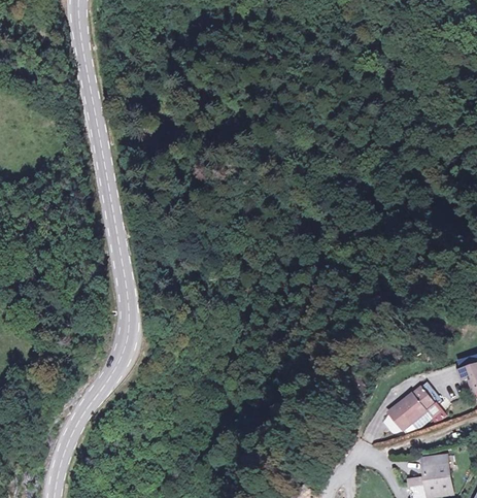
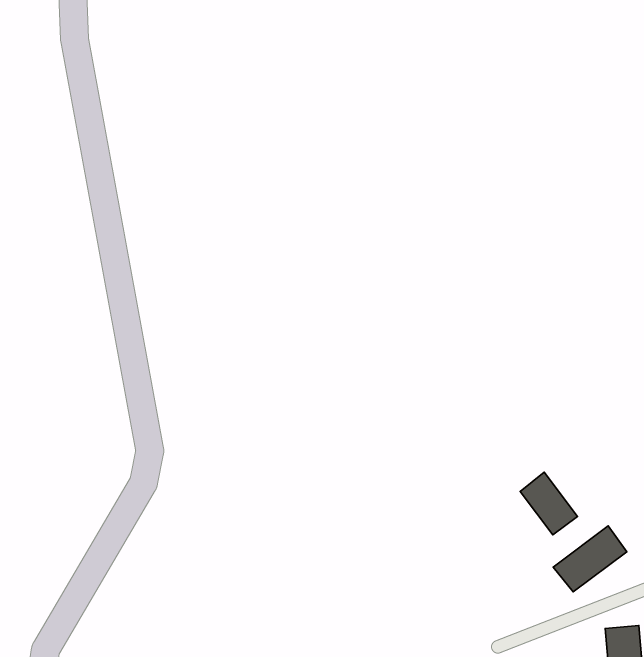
building: none -> [520,472,578,535]

